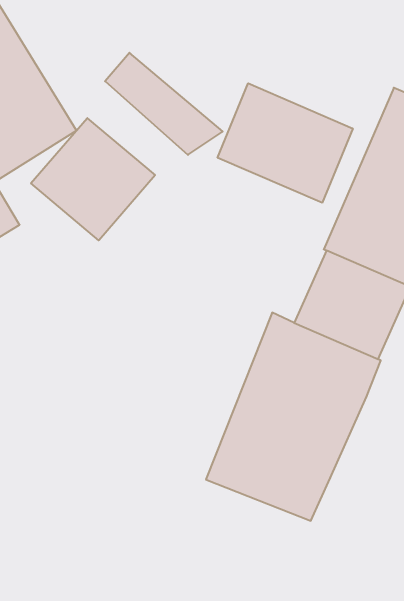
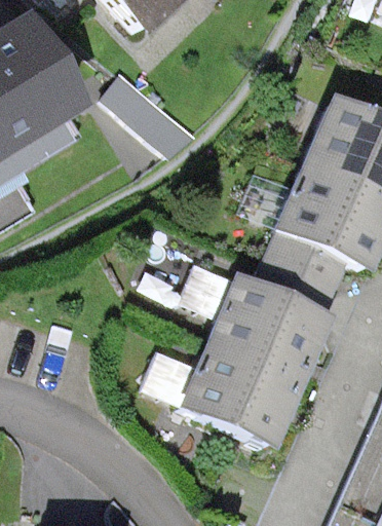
building: [218,83,353,203] -> none
building: [31,118,155,240] -> none

